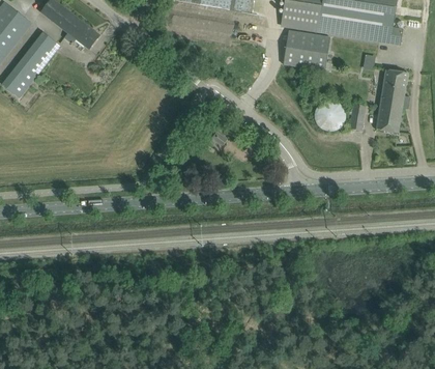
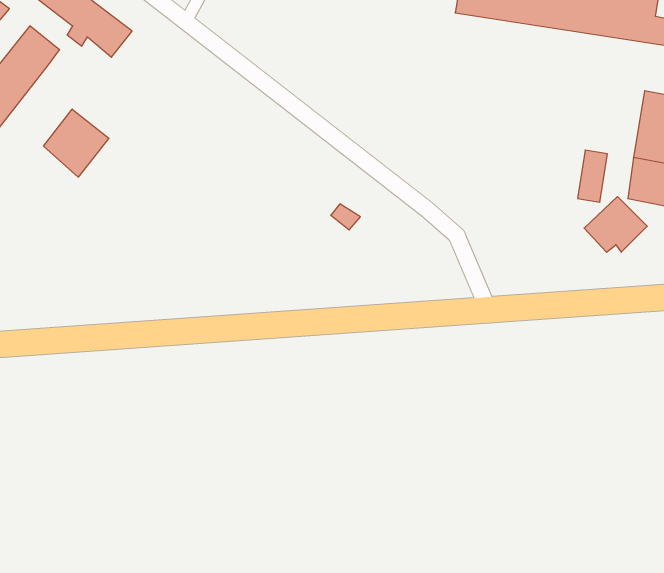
building: [282,29,329,69] -> none
building: none -> [44,109,109,177]
building: [313,98,348,130] -> [584,197,647,252]

